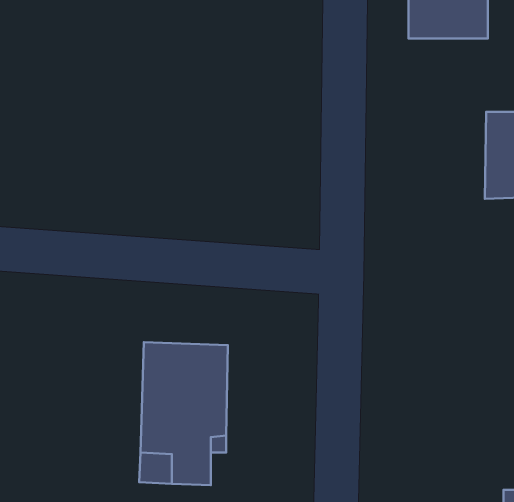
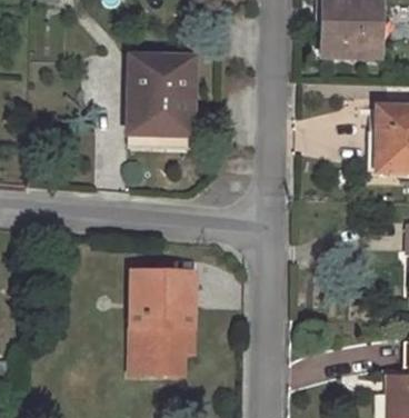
building: none -> [127,57,191,132]

